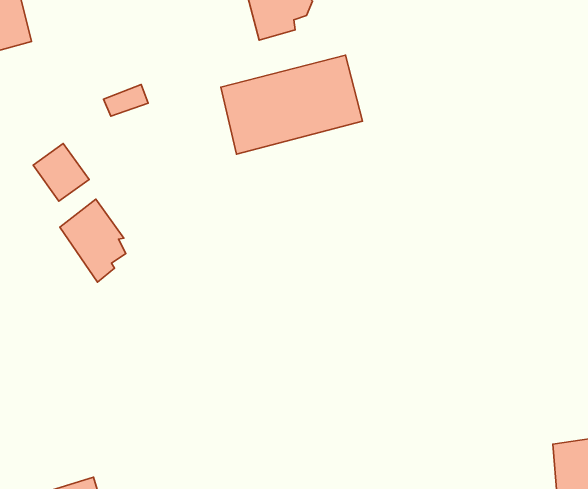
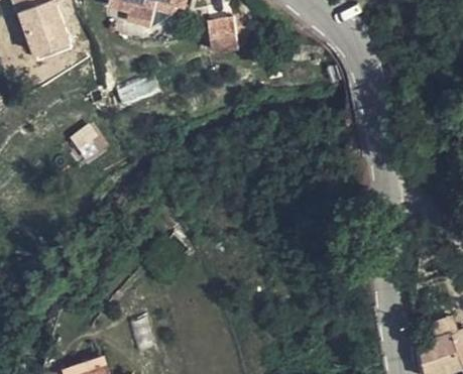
building: [221,55,362,154] -> none
building: [60,199,126,282] -> none

